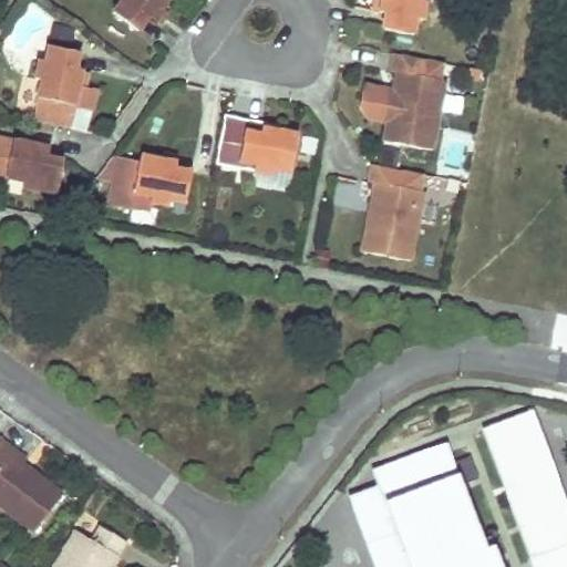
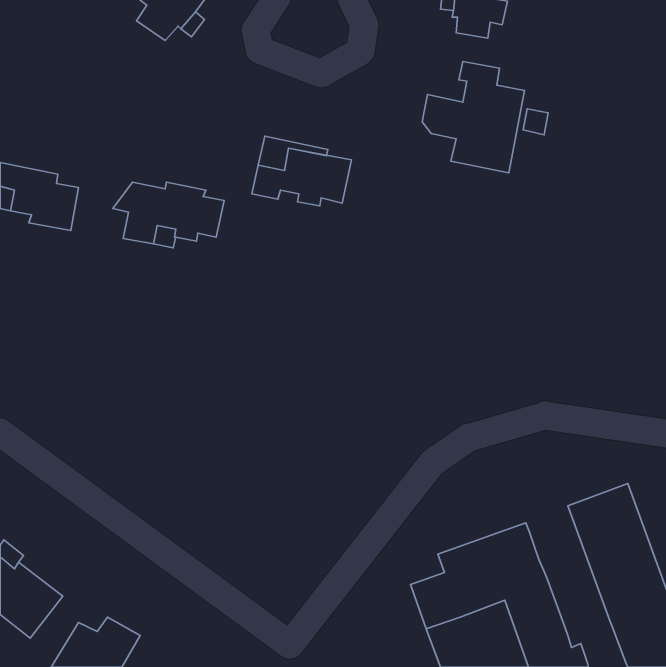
building: [33,42,97,125] -> none
building: [363,165,423,261] -> none

